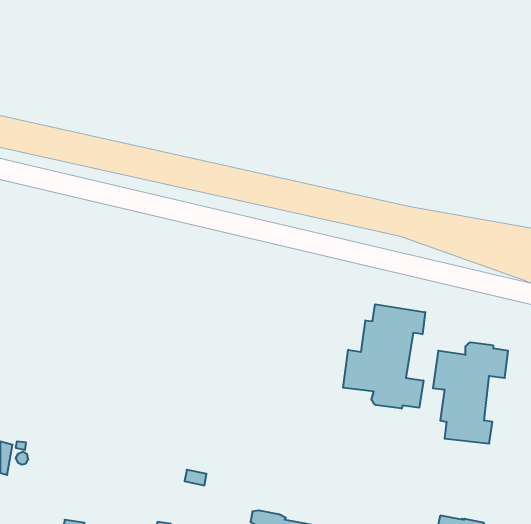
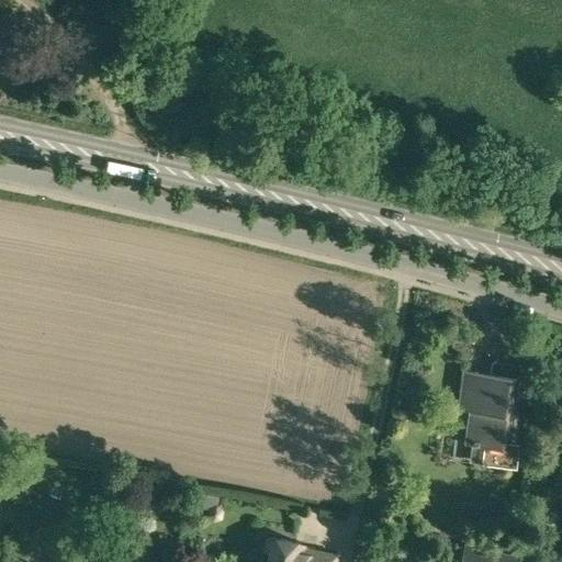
building: [343,304,425,409] -> none

